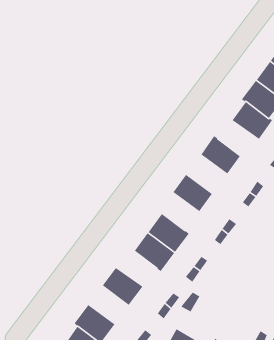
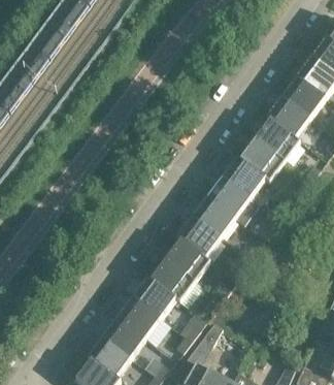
building: none -> [239,136,283,182]
building: none -> [205,174,258,225]
building: none -> [174,215,220,258]
building: none -> [128,277,174,318]
building: none -> [98,317,144,358]

